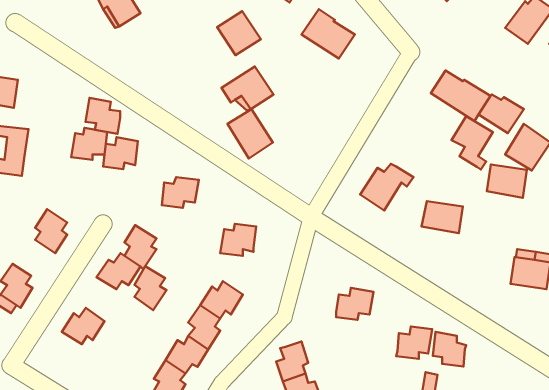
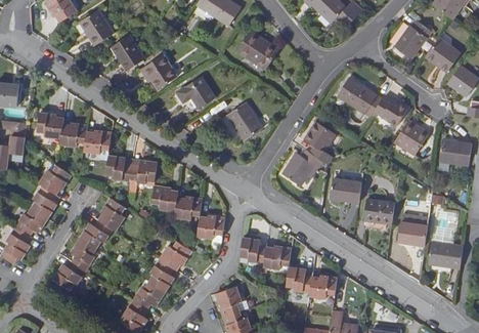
building: [217,11,261,55] -> [143,54,177,88]
building: none -> [112,35,144,72]
building: [85,98,120,134] -> [37,111,63,138]
building: [227,109,273,158] -> [227,102,262,140]
building: [451,116,493,169] -> [304,121,336,162]
building: [487,165,527,198] -> [364,199,395,224]
building: none -> [106,155,132,181]
building: none -> [39,164,72,193]
building: none -> [151,185,178,212]
building: none -> [15,208,48,236]
building: none -> [199,209,226,233]
building: [135,266,167,310] -> [72,237,96,270]
building: none -> [241,237,267,263]
building: [433,332,466,366] -> [288,266,313,293]

